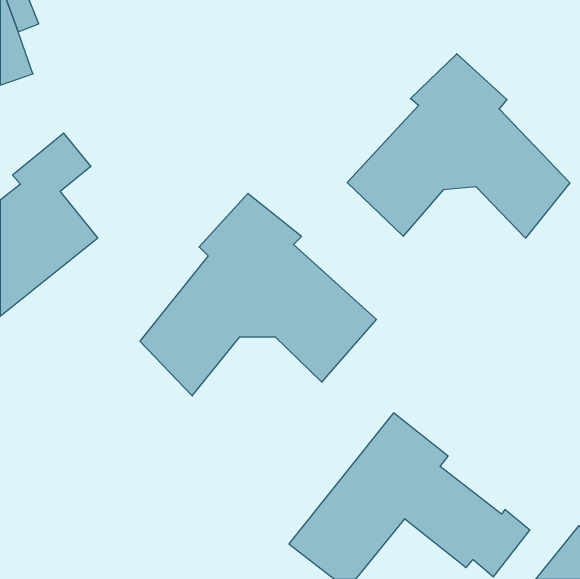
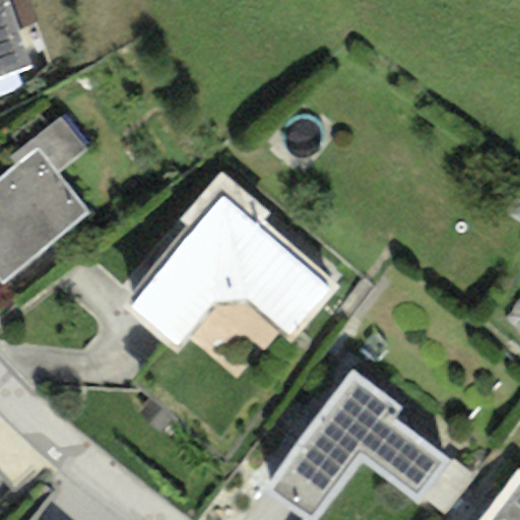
building: [347,54,570,238] -> none

